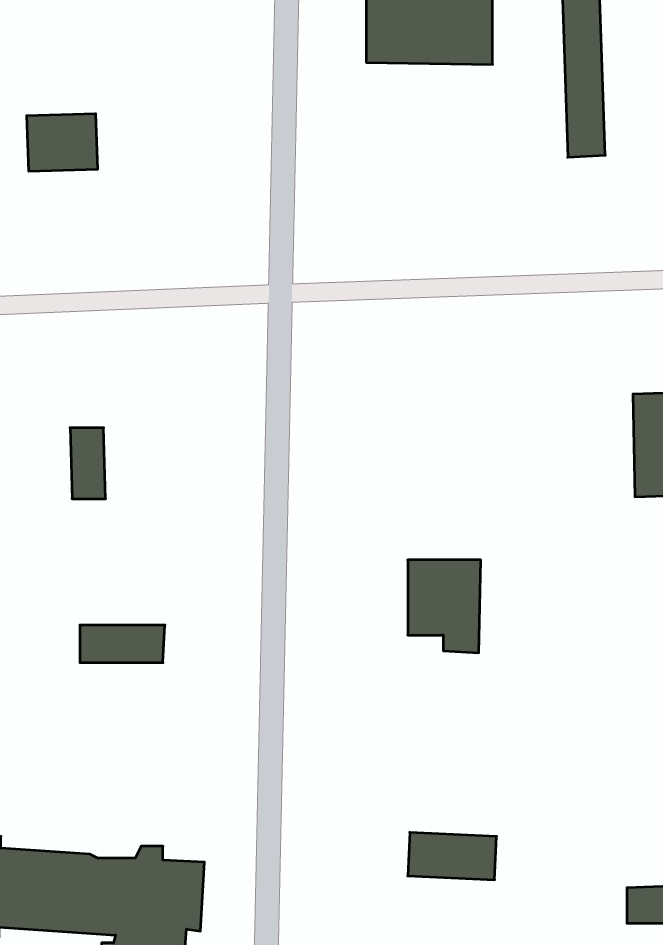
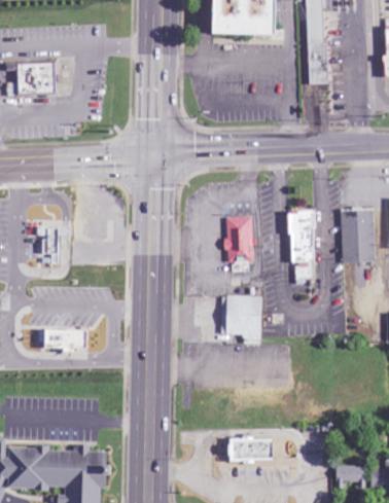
building: none -> [286,209,313,282]
building: none -> [223,215,252,261]

